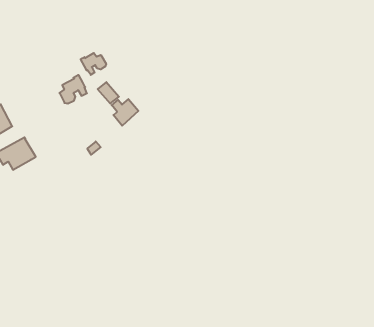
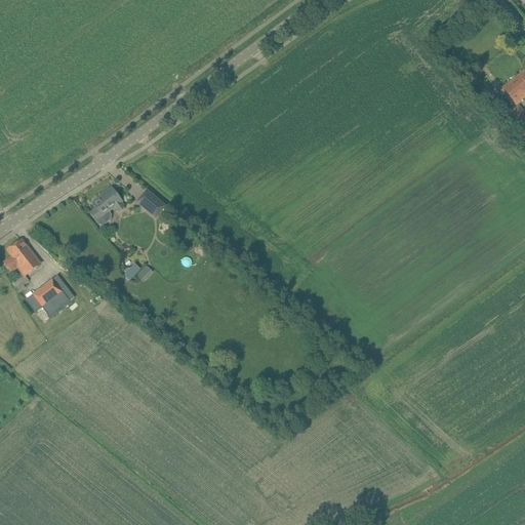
building: [81,53,106,75] -> none
building: [112,99,138,126] -> none

